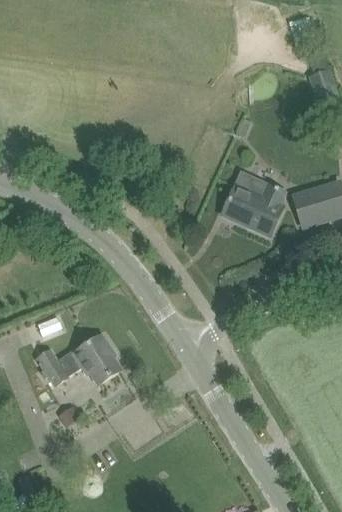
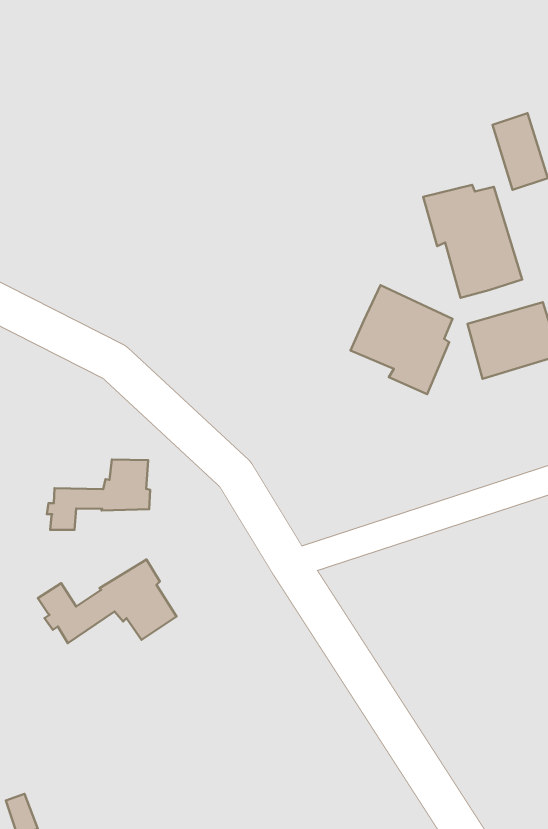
building: none -> [423,185,522,298]
building: none -> [47,460,150,530]

